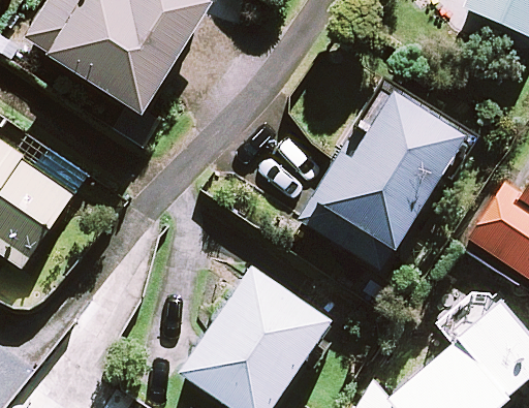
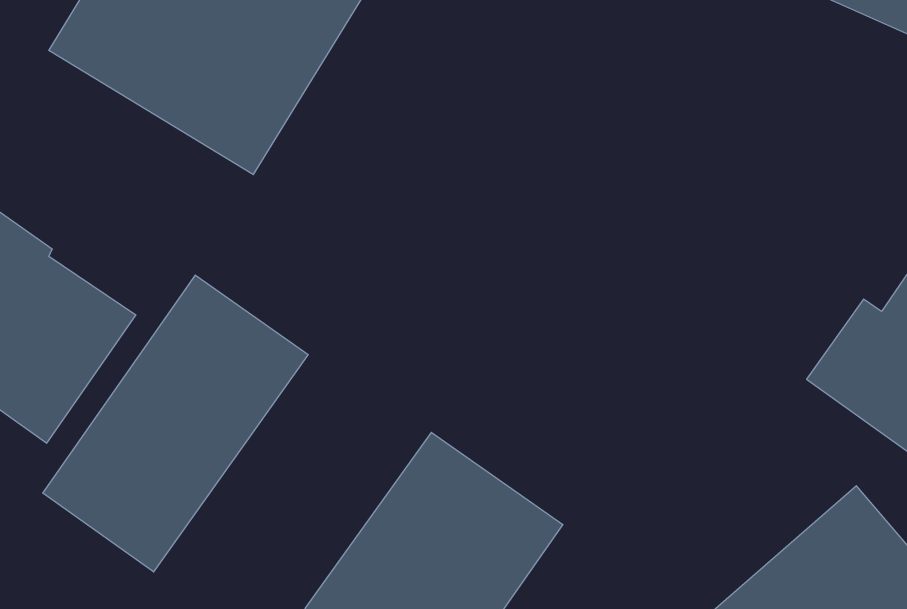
building: [310,83,475,247] -> none
building: none -> [43,275,308,572]

